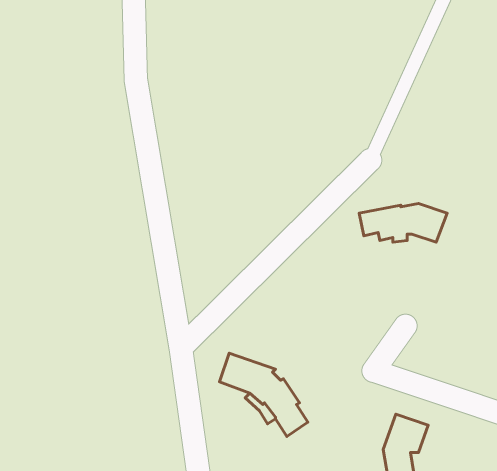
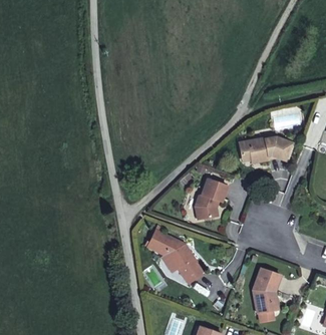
building: none -> [196,181,226,223]

